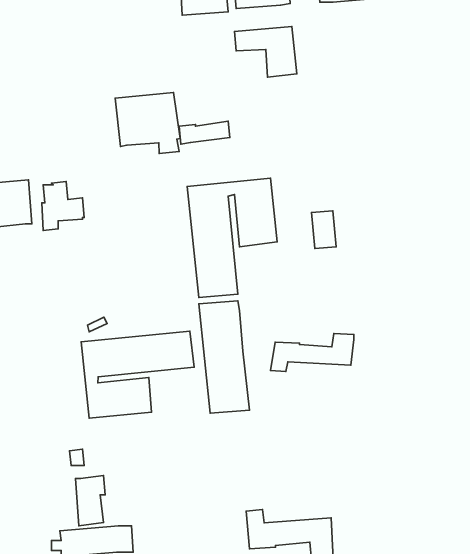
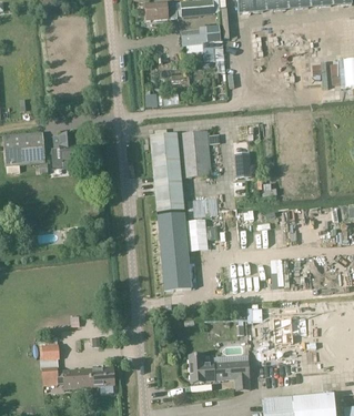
building: [115,92,180,154] -> none
building: [81,331,194,418] -> none
building: [271,333,354,372] -> none
building: [76,475,105,526] -> [39,344,59,378]

